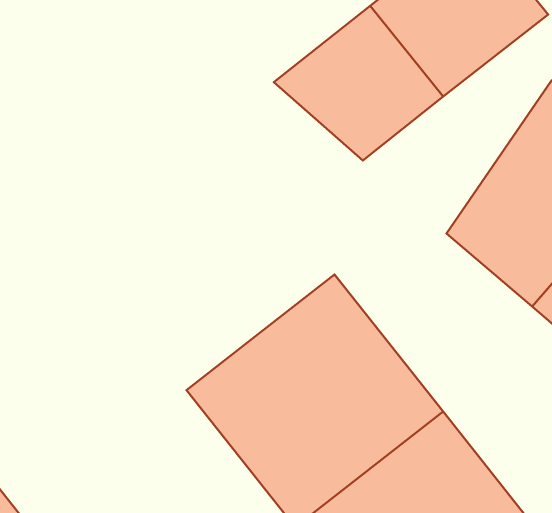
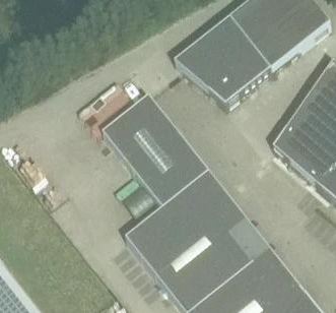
building: none -> [104,95,210,206]

